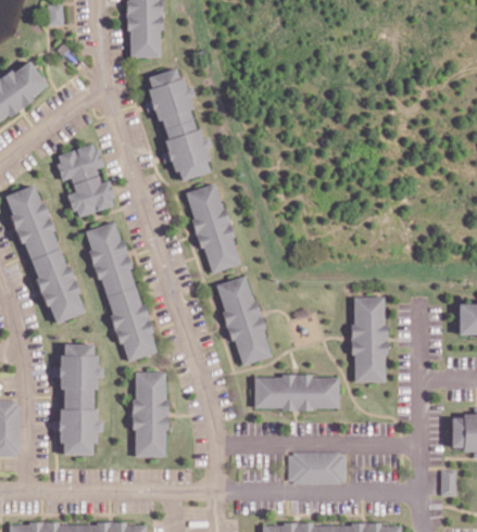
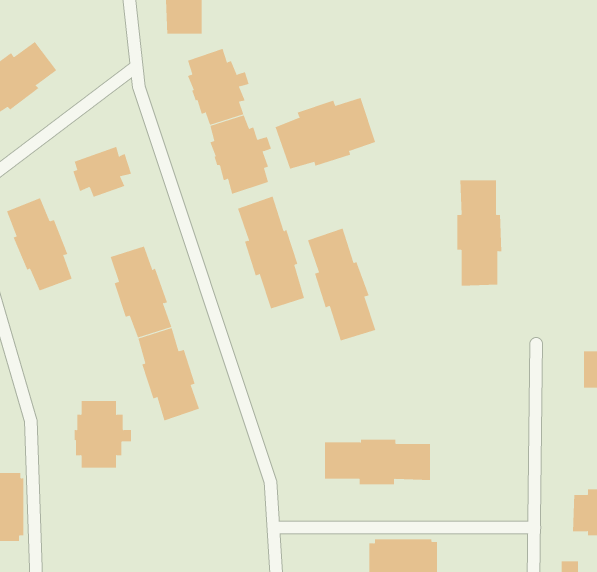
building: none -> [275,97,376,170]
building: [67,176,115,216] -> none
building: [32,249,84,321] -> none
building: [217,276,272,365] -> [307,228,376,341]
building: [352,297,388,381] -> [457,180,502,286]
building: [134,371,168,455] -> none
building: [59,397,104,454] -> none

